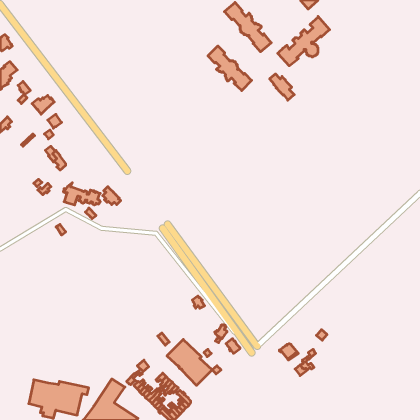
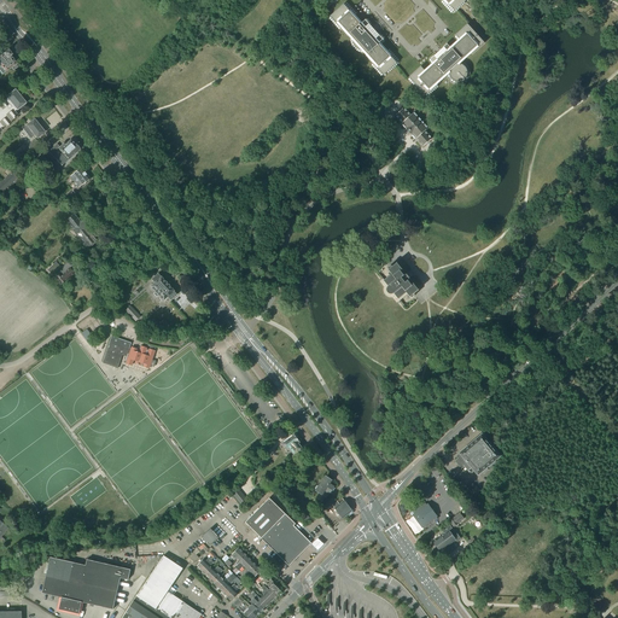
building: [208,46,252,91] -> none
building: none -> [384,263,419,302]
building: [63,183,100,205] -> [101,336,156,368]
building: none -> [455,436,500,474]

